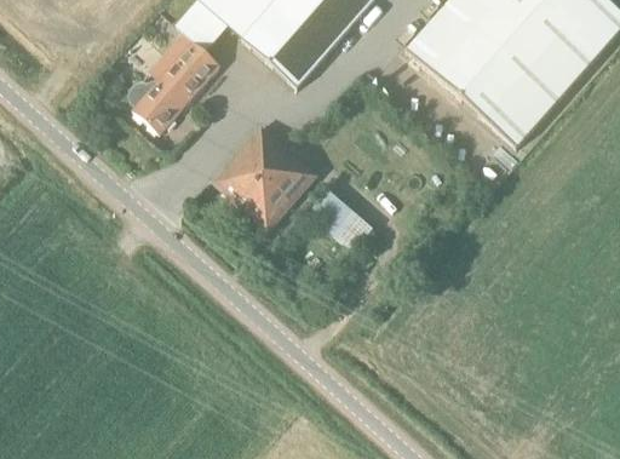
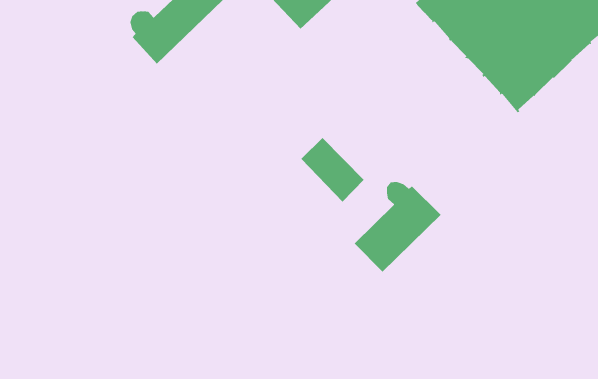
building: [213,125,316,228] -> none
building: none -> [354,181,442,273]

